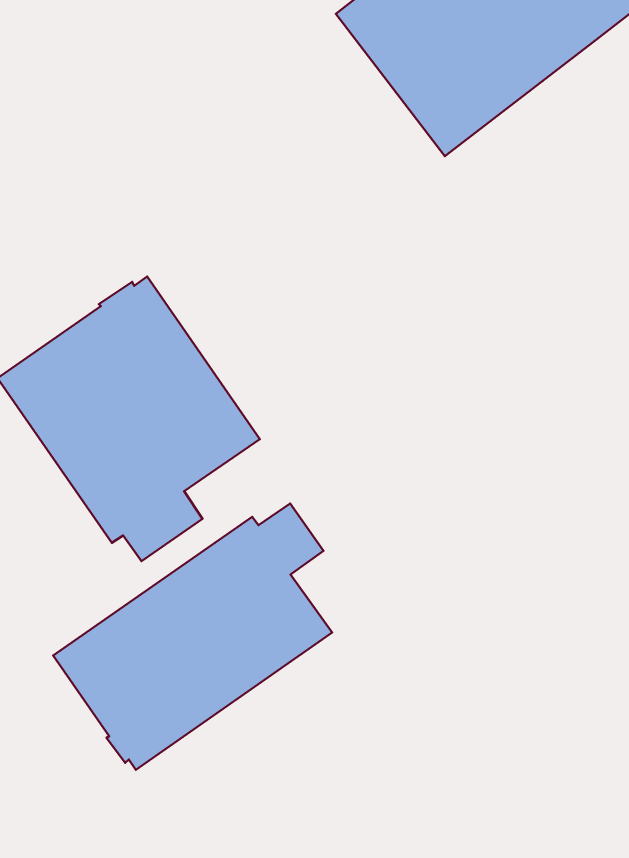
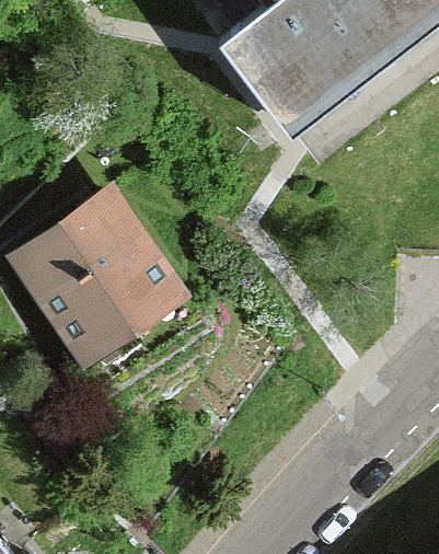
building: [53,503,332,770] -> none

